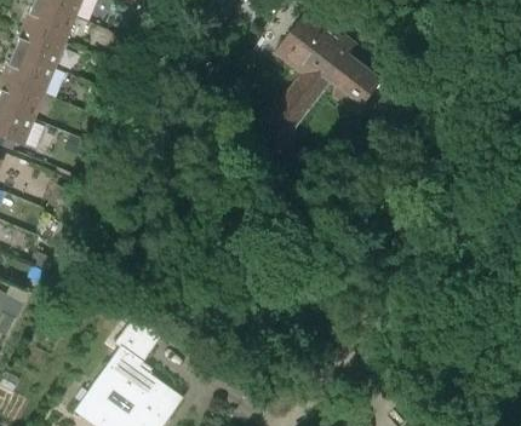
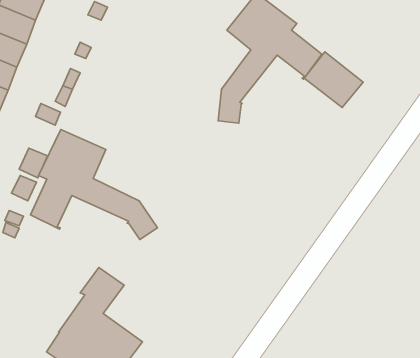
building: none -> [304,52,363,107]
building: none -> [30,129,158,239]

